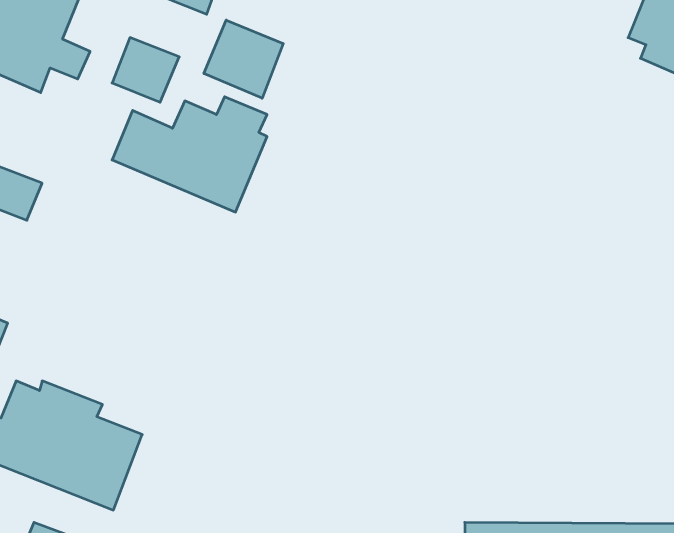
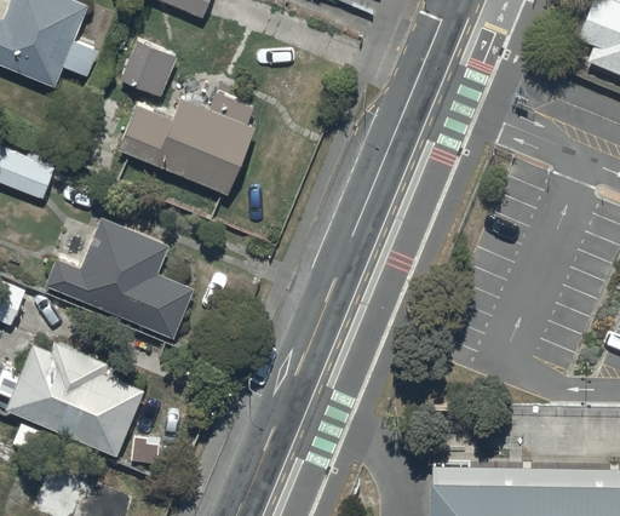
building: [204,20,283,98] -> none
building: none -> [46,218,197,342]

